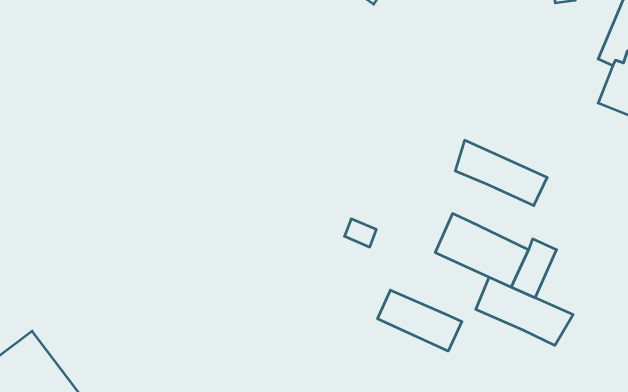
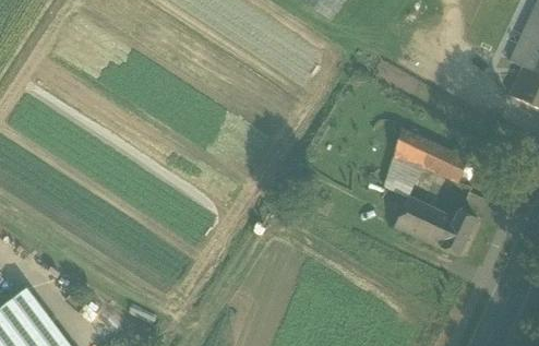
building: none -> [385,153,420,194]
building: [476,277,573,345] -> none
building: [378,290,462,351] -> none

